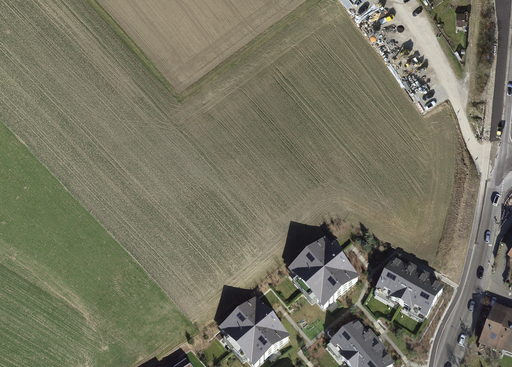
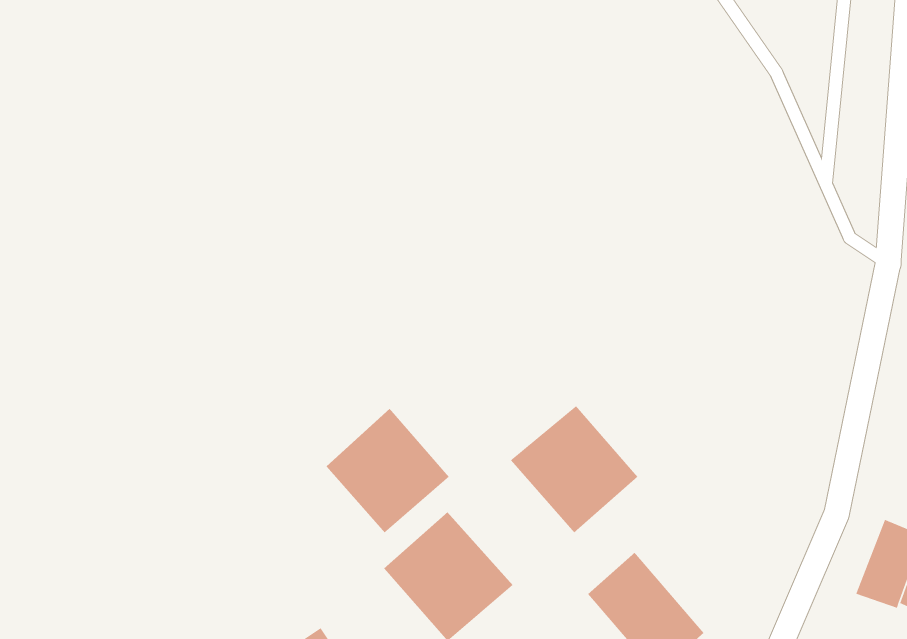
building: none -> [326,408,450,533]
building: [374,257,442,317] -> none

